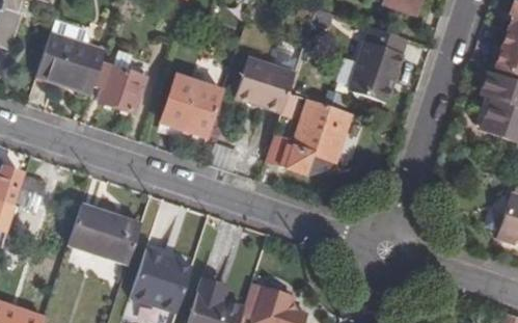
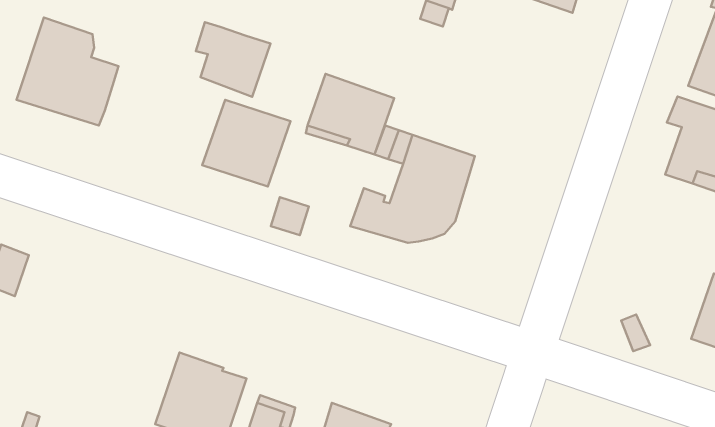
building: [350,27,408,103] -> none
building: [97,63,147,114] -> [196,22,270,97]
building: [67,205,140,264] -> none

